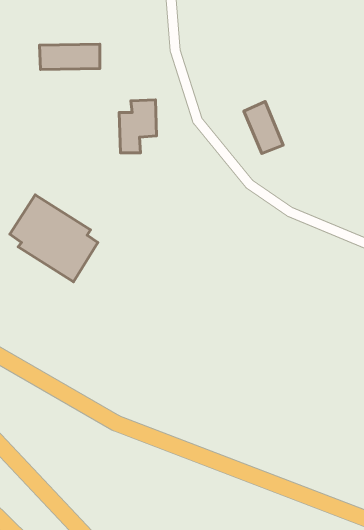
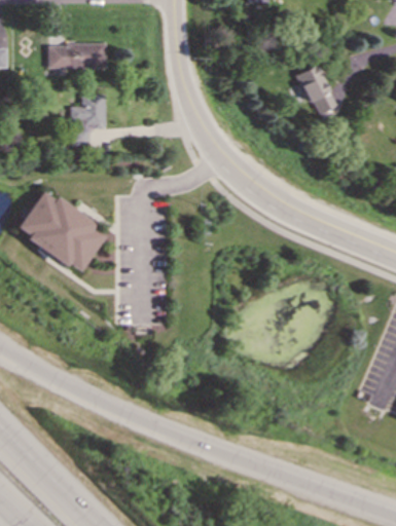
building: [119,100,156,153] -> [71,93,107,145]
building: [244,101,283,154] -> [298,64,336,114]

